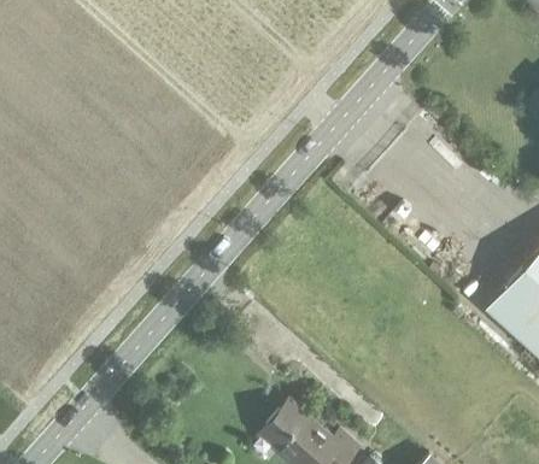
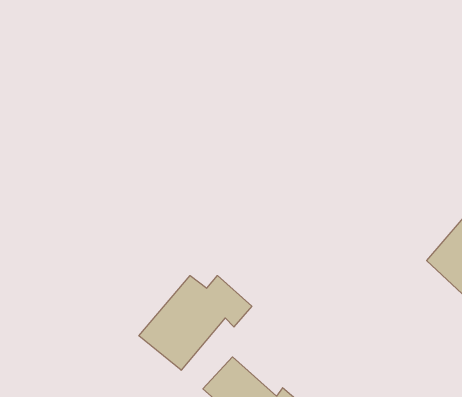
building: none -> [139,276,252,370]

